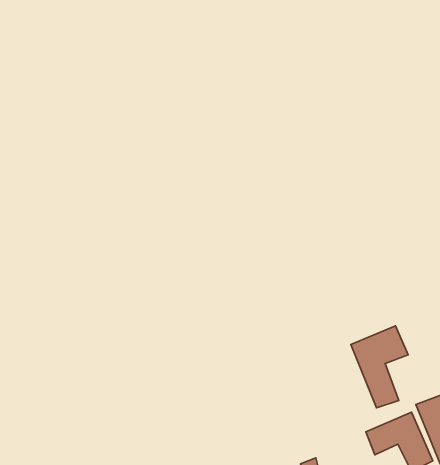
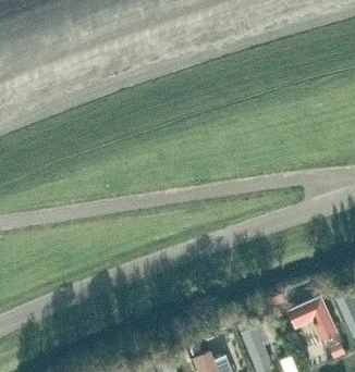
building: [351,326,408,408] -> none

